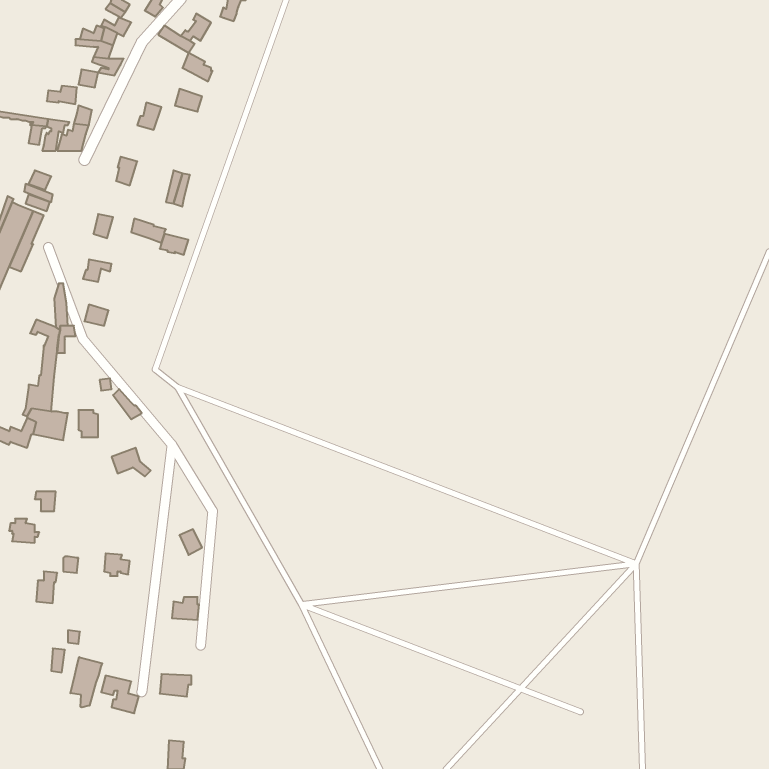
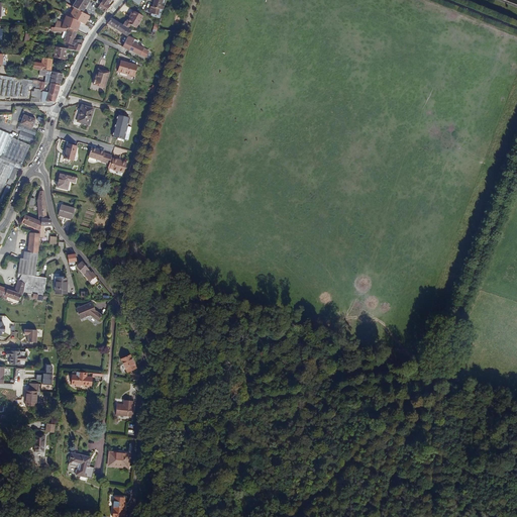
building: [70,657,102,707] -> none

